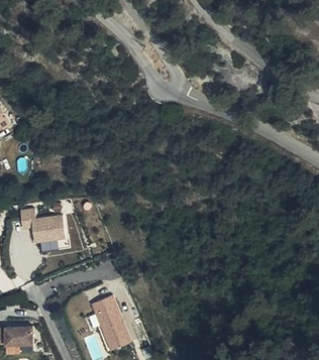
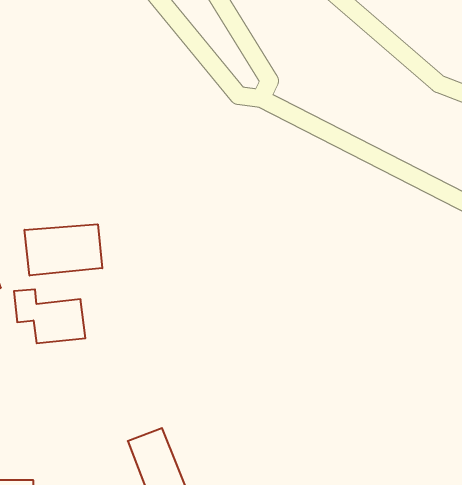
building: none -> [25,224,102,276]

